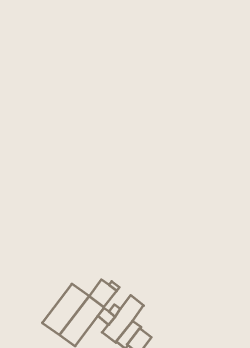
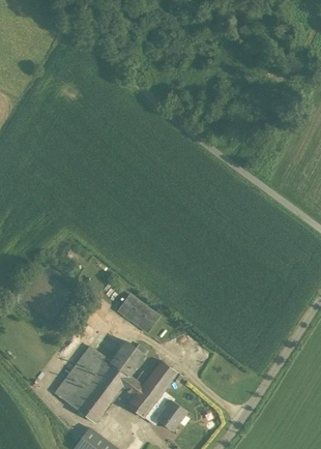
building: none -> [117,294,158,332]

